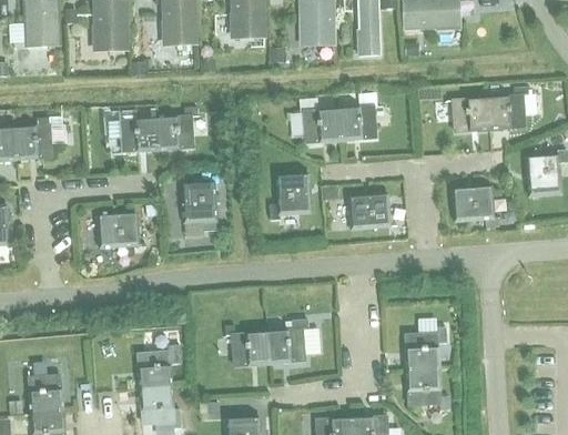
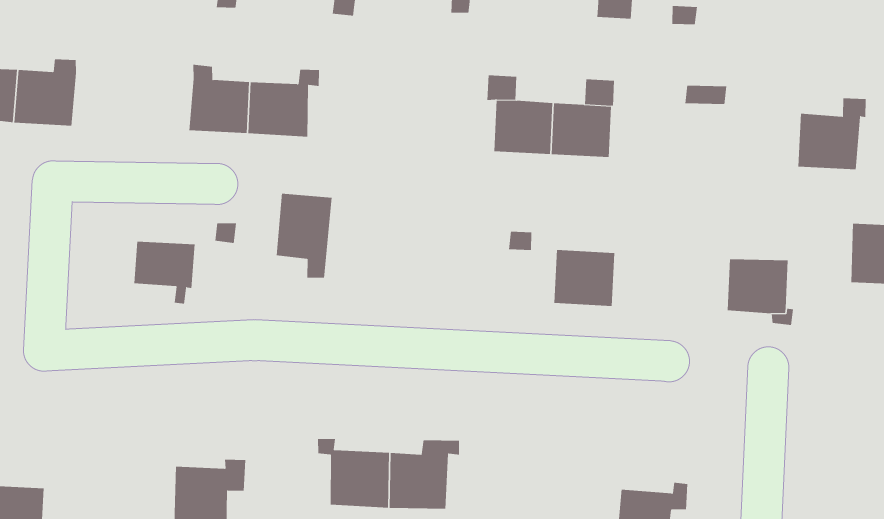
building: [454,97,490,131] -> none
building: [268,174,312,217] -> none

